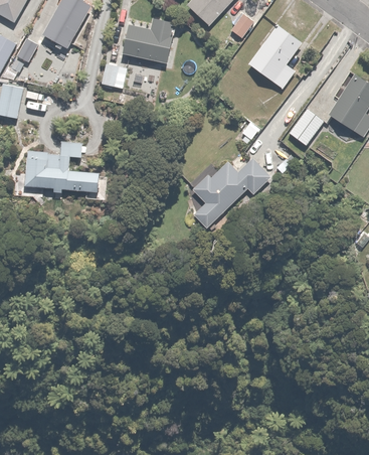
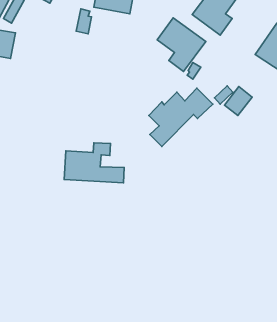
building: none -> [157,18,206,71]
building: [289,110,324,146] -> [224,87,252,115]
building: [24,141,100,191] -> [64,143,124,183]

